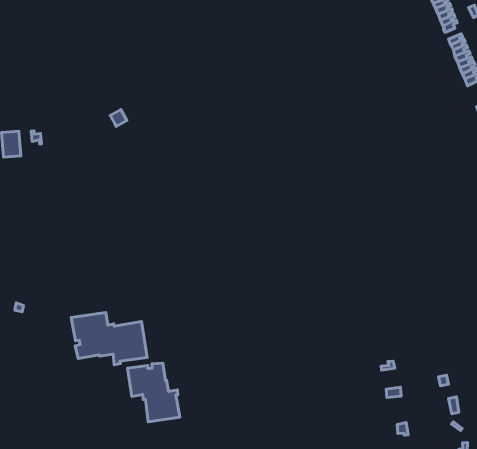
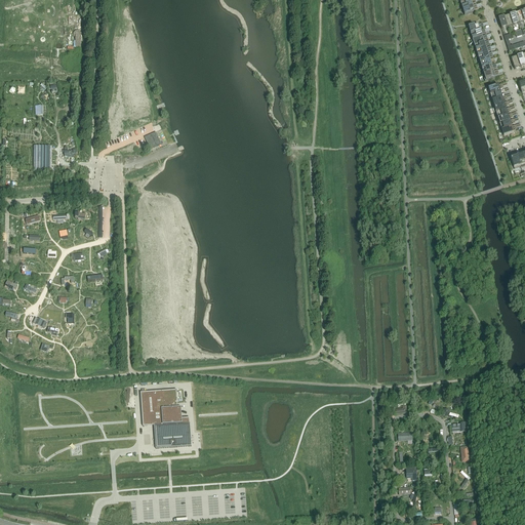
building: [71,312,147,365] -> none

